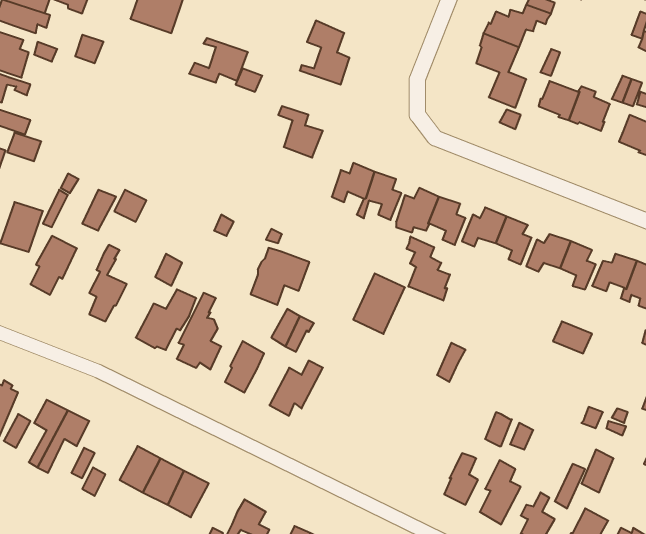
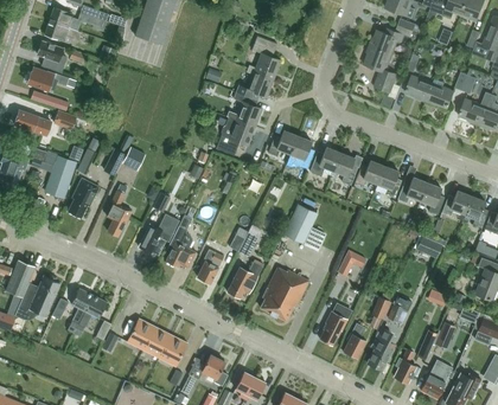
building: [189,38,248,83] -> [235,69,274,98]
building: [407,236,450,301] -> none
building: [251,248,309,305] -> [216,117,255,155]
building: none -> [260,268,308,321]
building: none -> [319,302,351,345]

